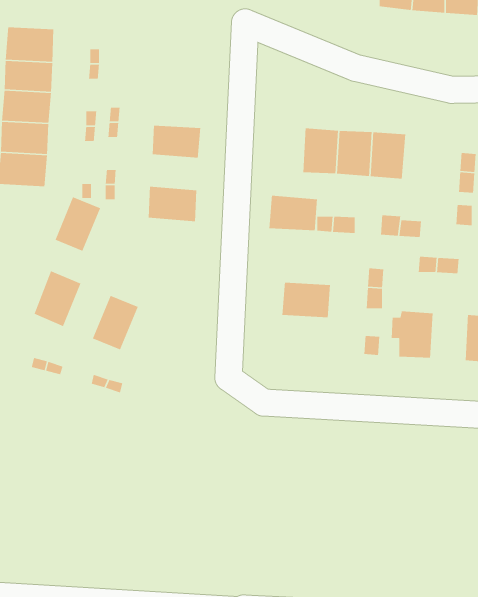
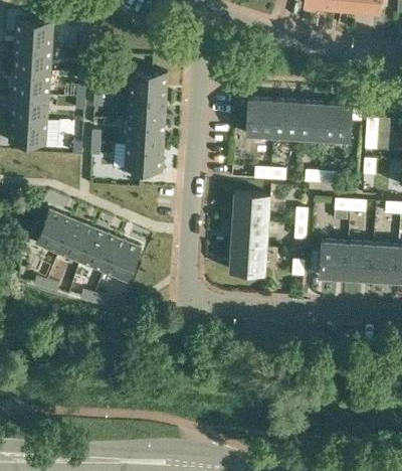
building: none -> [130,72,168,100]
building: none -> [323,105,351,142]
building: none -> [127,121,165,148]
building: [269,195,318,231] -> [231,193,269,221]
building: [54,196,101,252] -> [60,220,96,264]
building: none -> [105,239,142,283]
building: none -> [345,244,373,281]
building: none -> [228,246,265,274]

